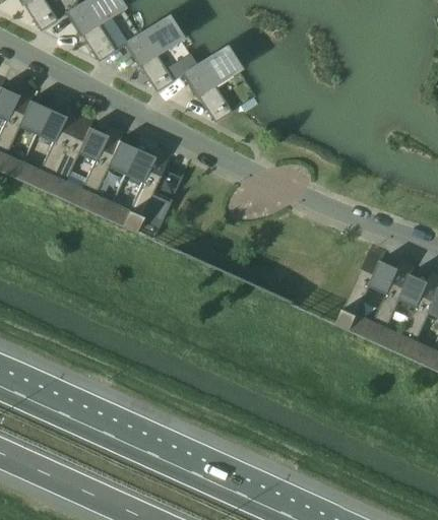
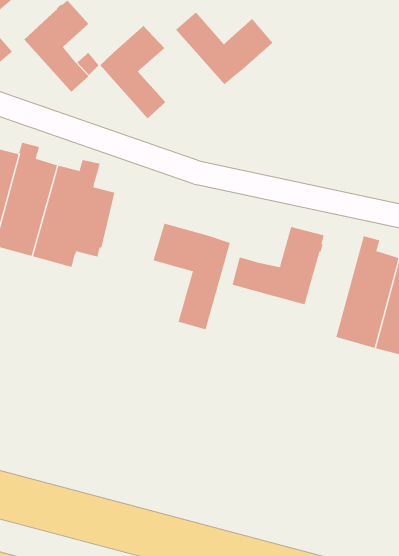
building: none -> [175,12,273,85]
building: none -> [153,223,230,330]
building: none -> [232,226,324,305]

